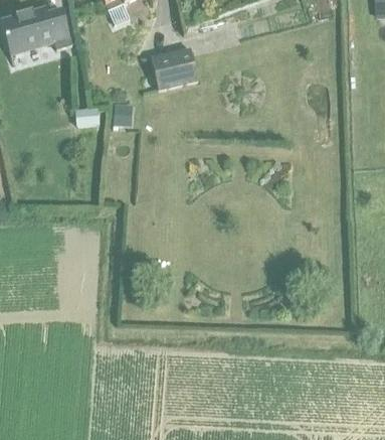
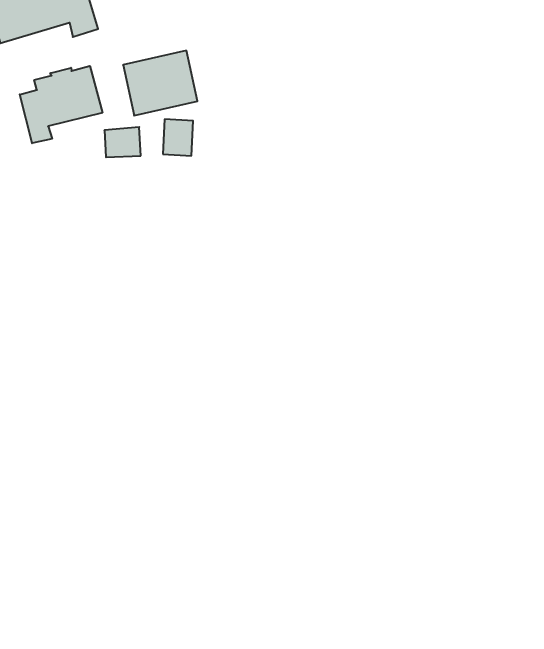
building: [150,47,197,89] -> [123,51,197,116]
building: none -> [20,66,102,143]

